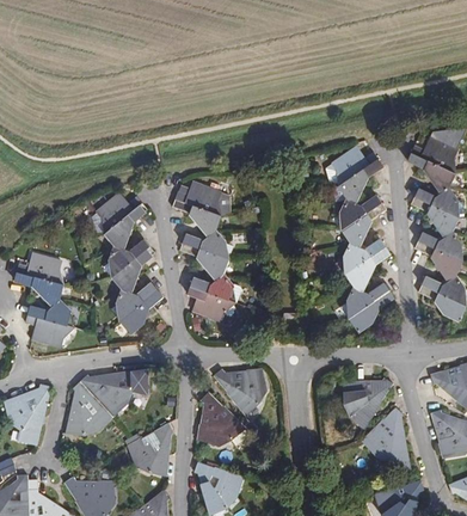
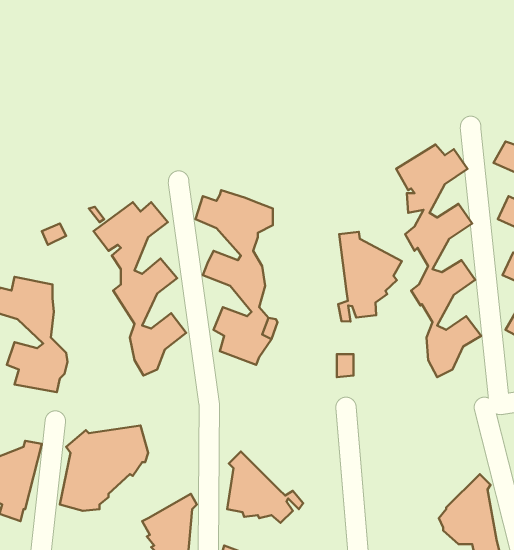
building: none -> [338,232,402,322]
building: [211,367,262,414] -> none
building: [342,377,394,429] -> none

